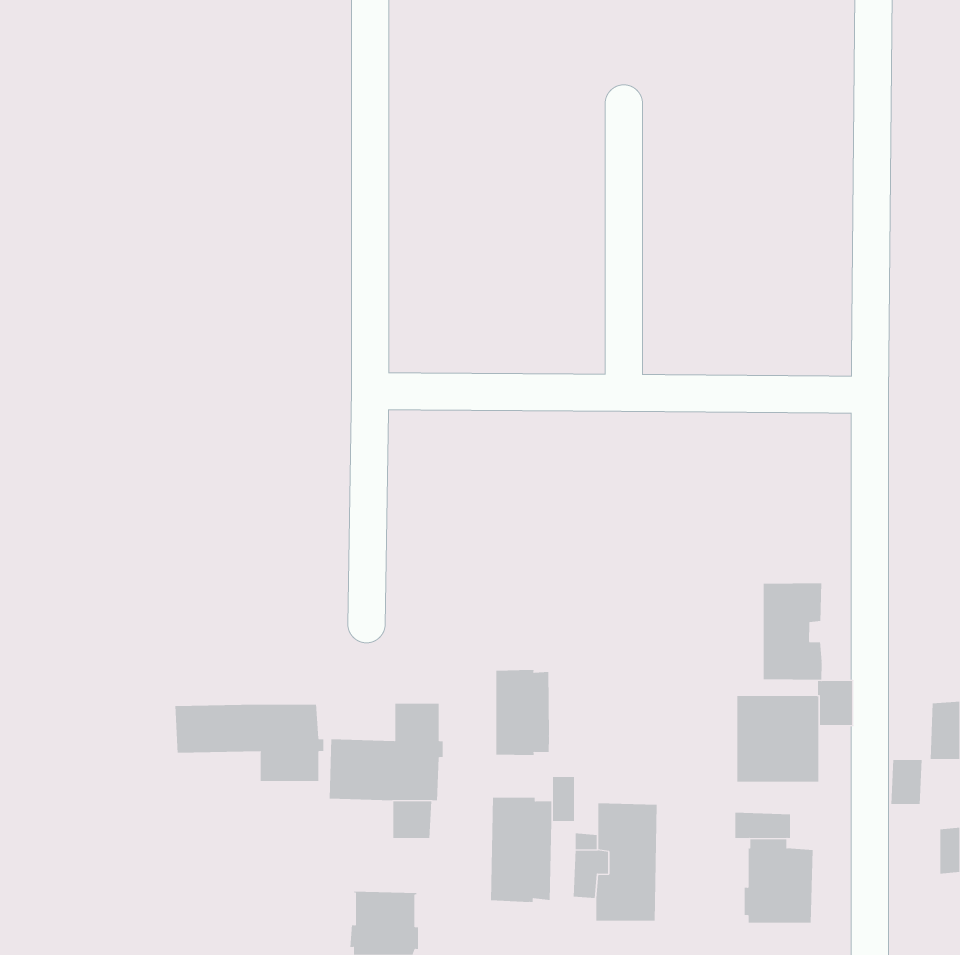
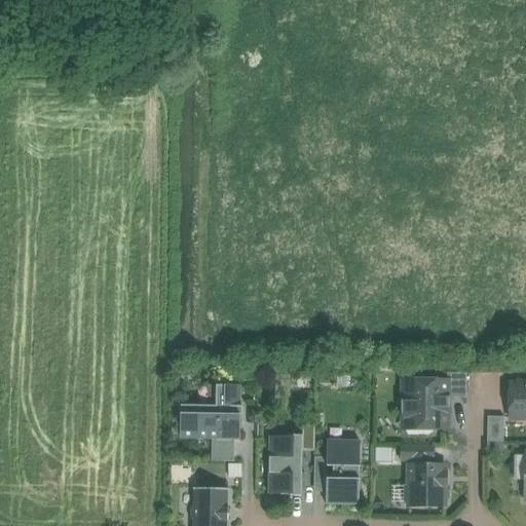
building: [763,583,822,681] -> none
building: [496,669,549,756] -> none
building: [175,704,324,782] -> none

